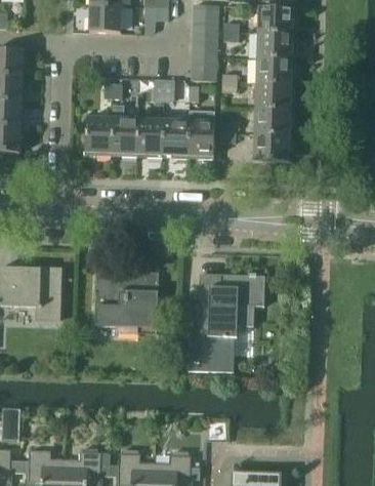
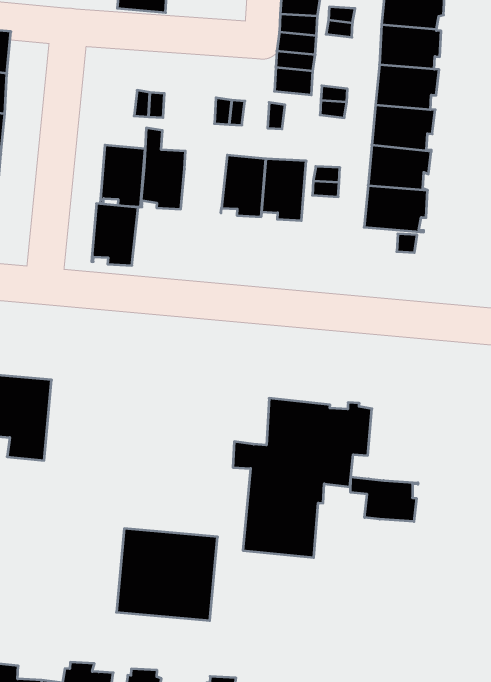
building: [136,119,164,157] -> [92,204,138,265]
building: [96,271,158,326] -> [116,529,218,621]
building: none -> [351,477,418,522]

